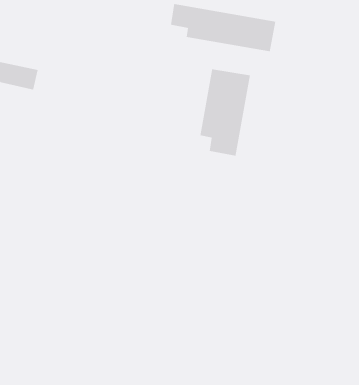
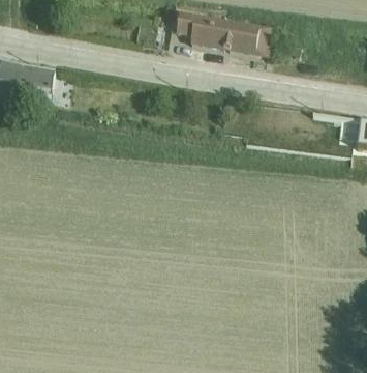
building: [200,68,250,157] -> none

